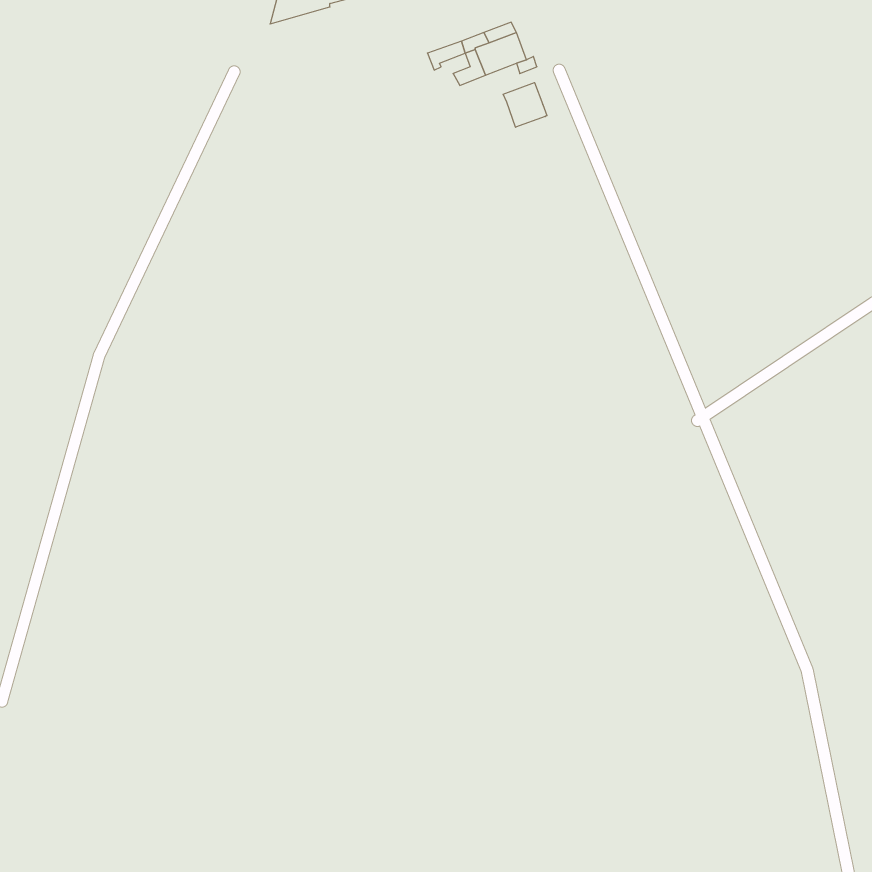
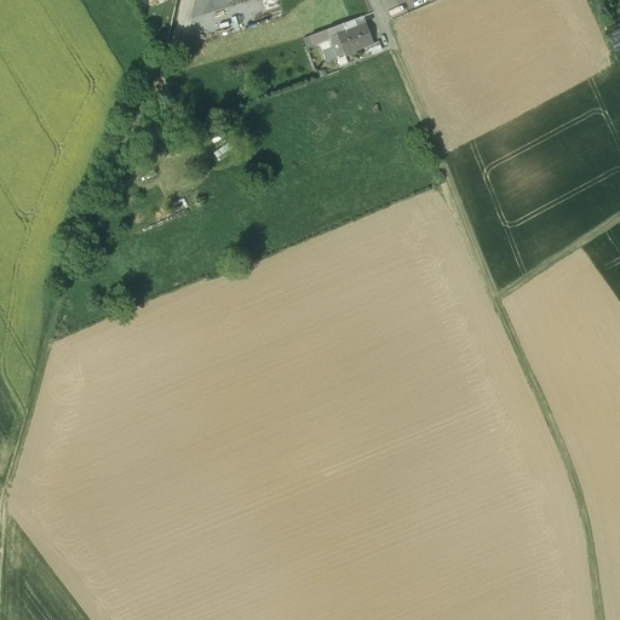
building: [503,83,547,127] -> none

